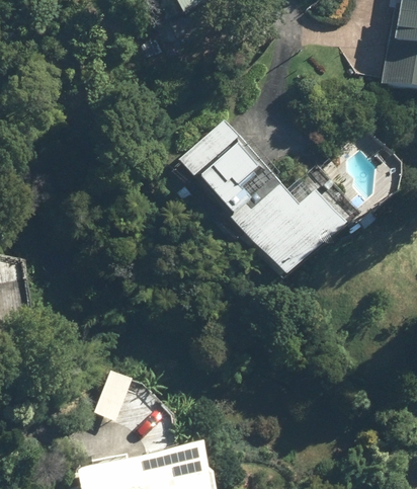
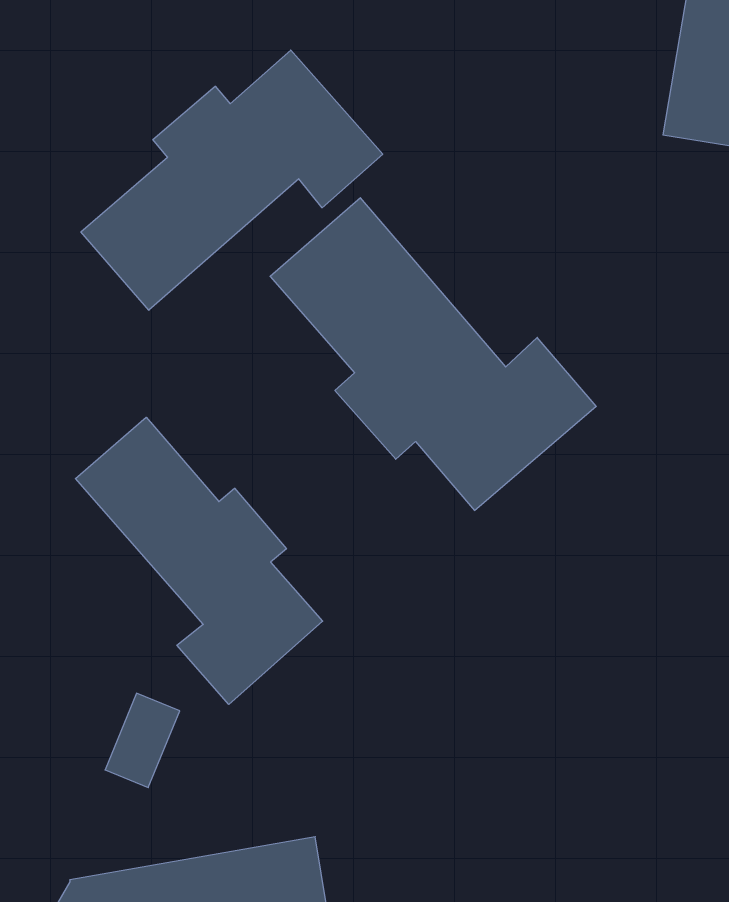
building: none -> [81,50,383,310]
building: none -> [75,417,323,704]

